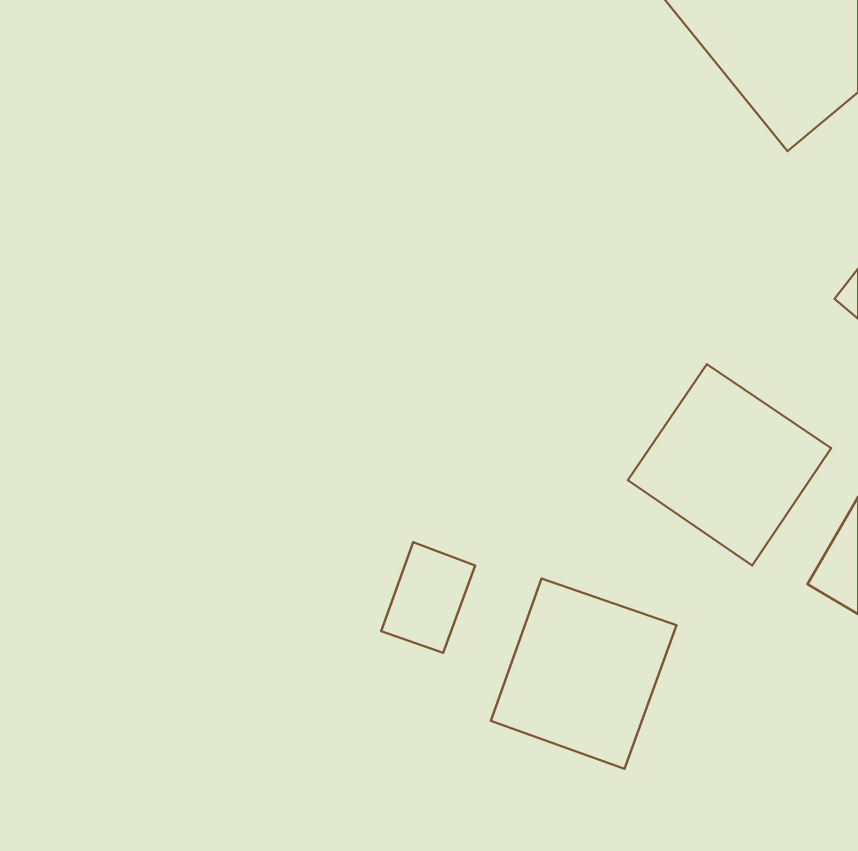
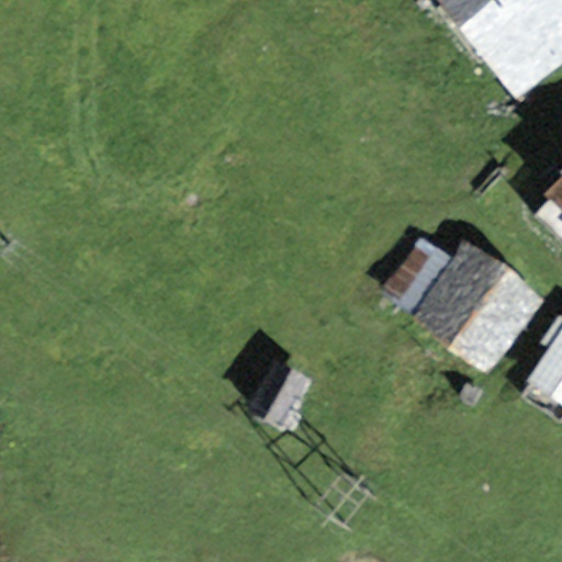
building: [491,579,676,769] -> none

